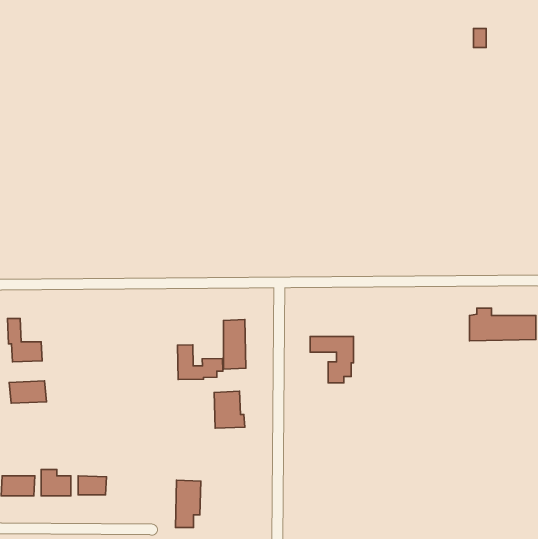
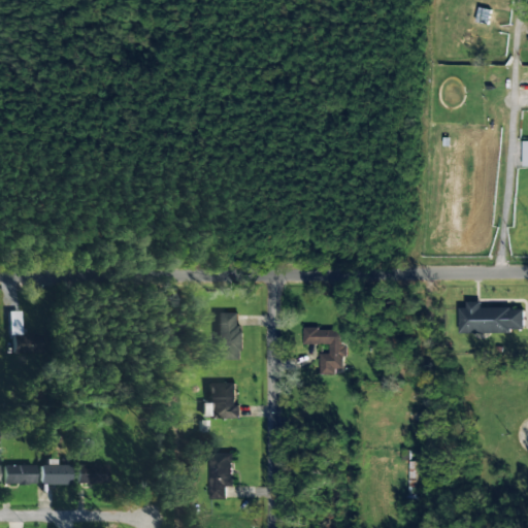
building: [177,345,223,380] -> none
building: [9,381,46,403] -> none
building: [175,480,201,528] -> [209,453,234,499]

